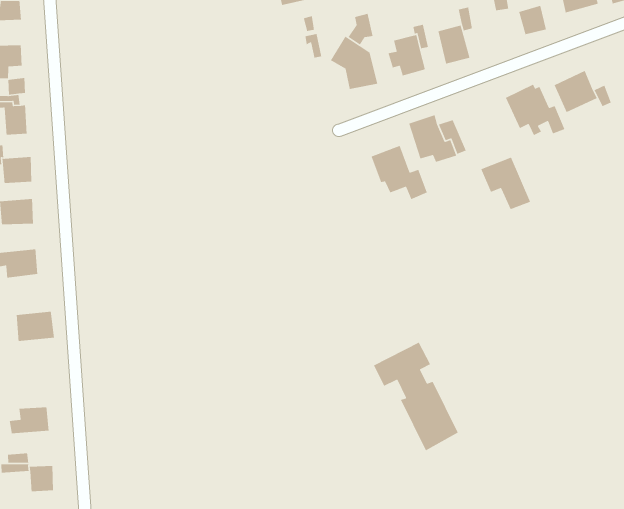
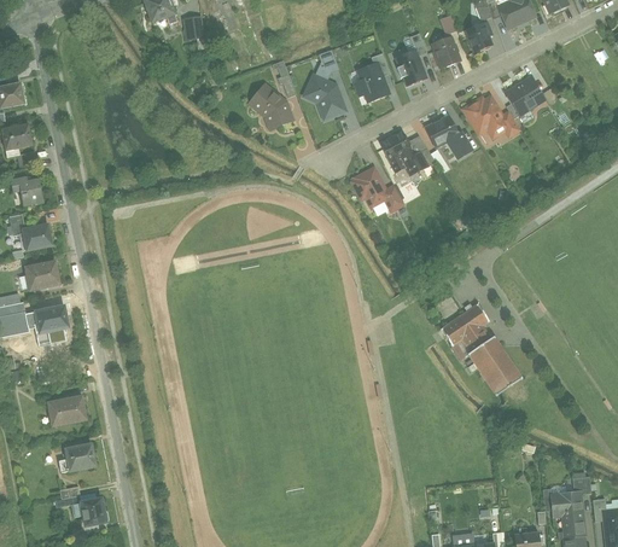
building: none -> [431,37,461,71]
building: none -> [249,86,296,132]
building: [480,156,531,210] -> [425,115,474,163]
building: [16,311,55,342] -> [47,391,84,423]
building: [373,341,459,451] -> [438,296,523,394]

